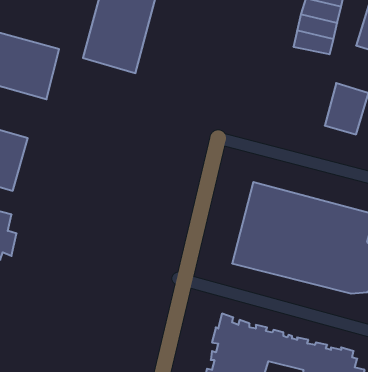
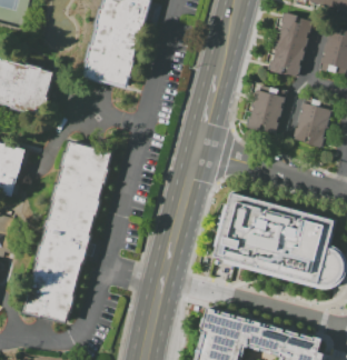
building: none -> [242,88,284,131]
building: none -> [24,140,115,326]

